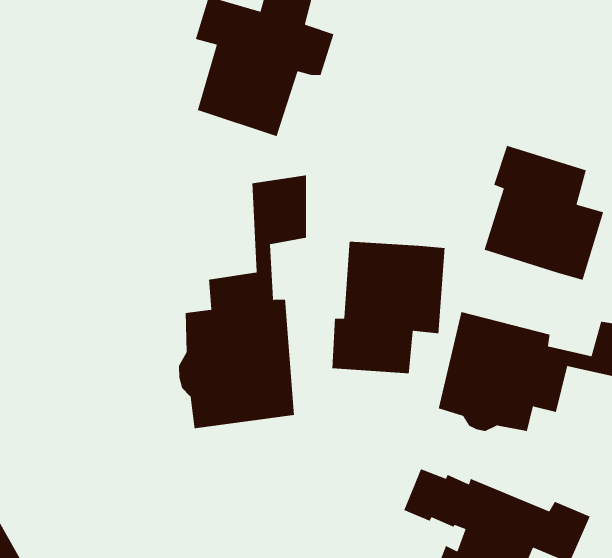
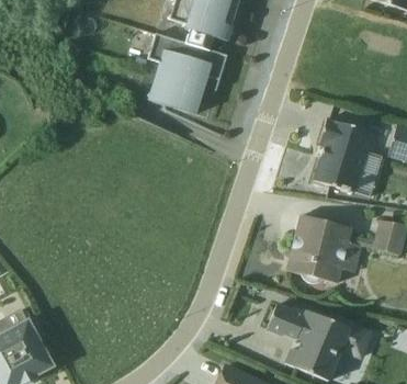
building: [178,174,307,429] -> none
building: [331,241,445,374] -> none

